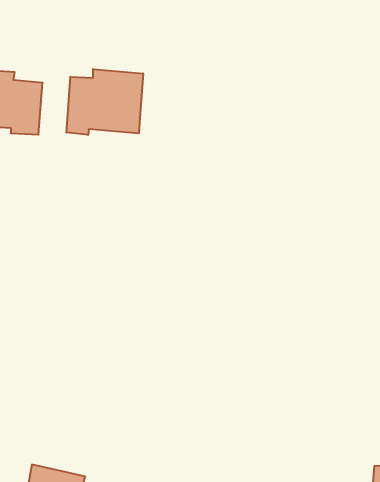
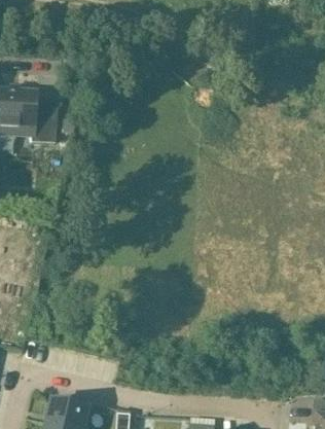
building: [67,69,143,135] -> none

